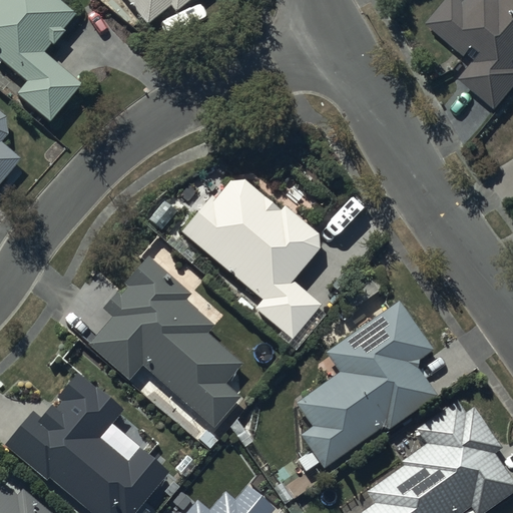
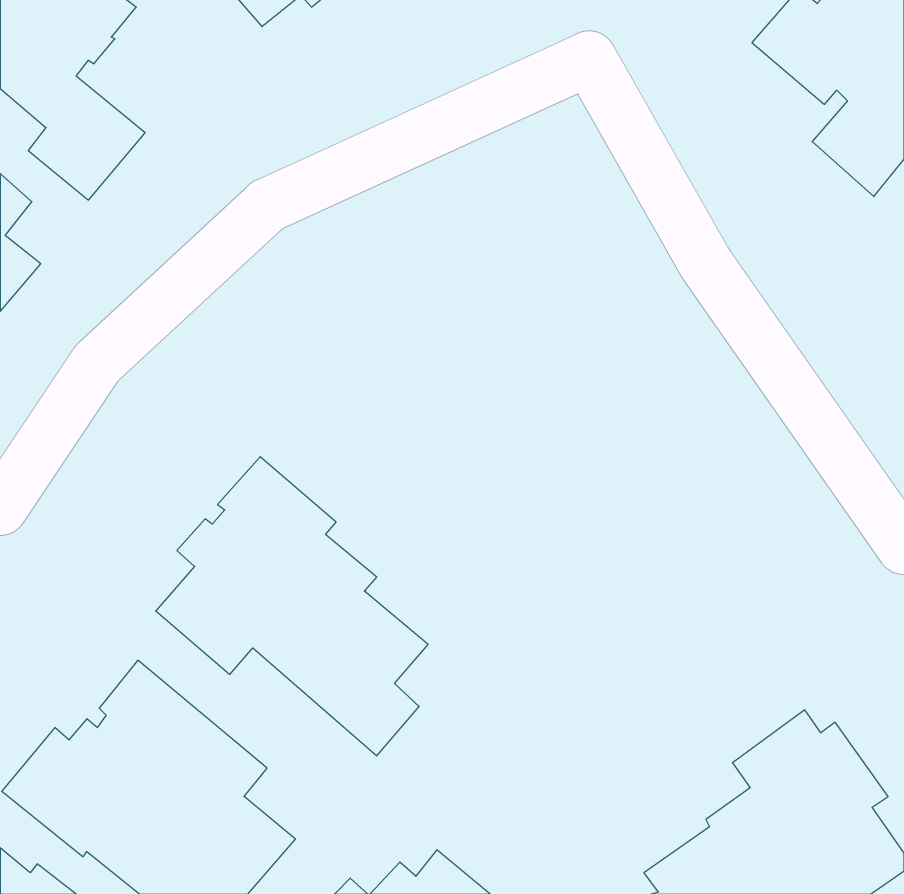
building: [178,177,327,344] -> none
building: [294,304,437,474] -> none

